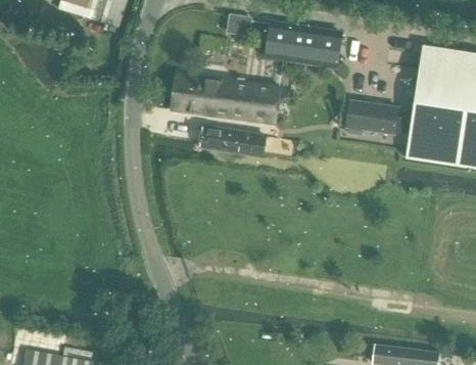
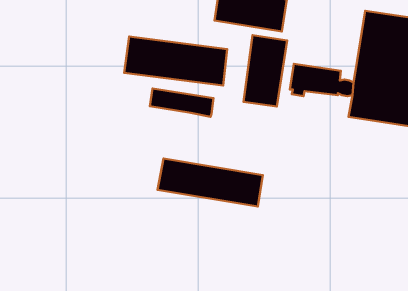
building: none -> [243,35,287,106]
building: none -> [157,159,263,207]

